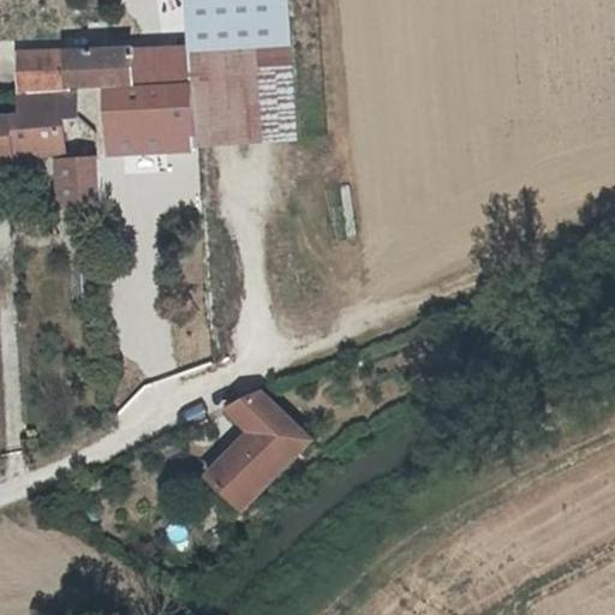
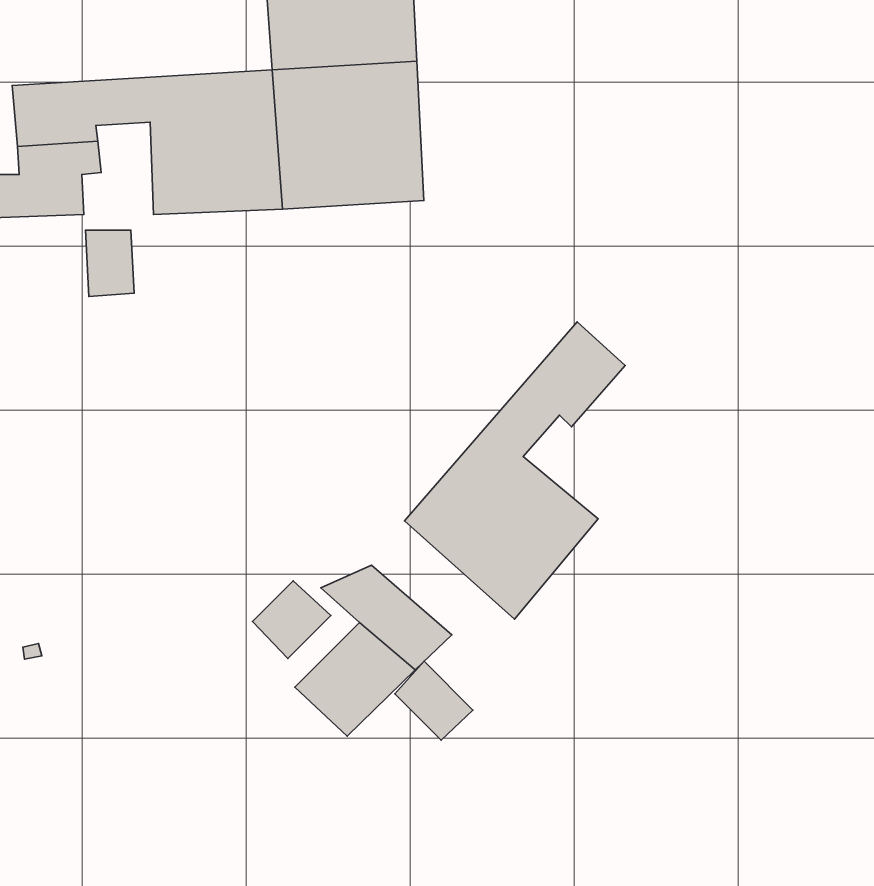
building: none -> [404,322,625,619]
building: none -> [252,581,331,658]
building: none -> [395,661,473,740]

